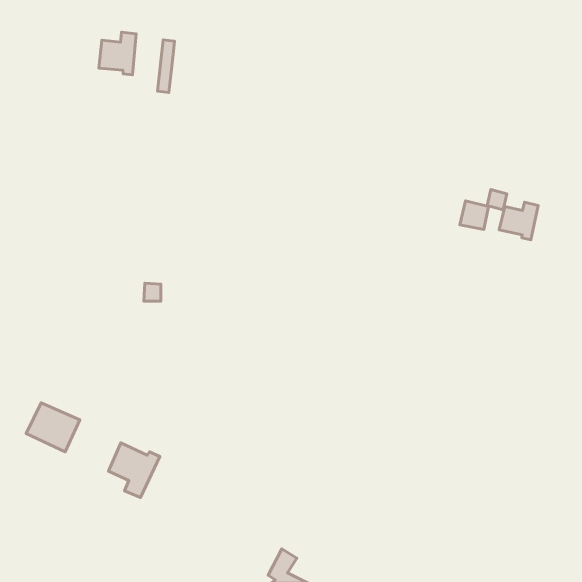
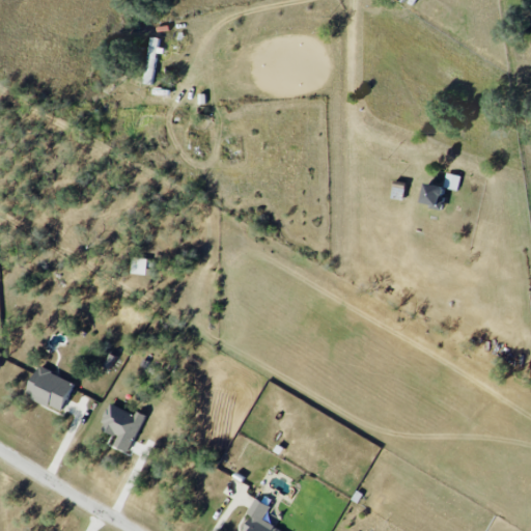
building: [99,32,136,75] -> none
building: [499,202,538,240] -> none

